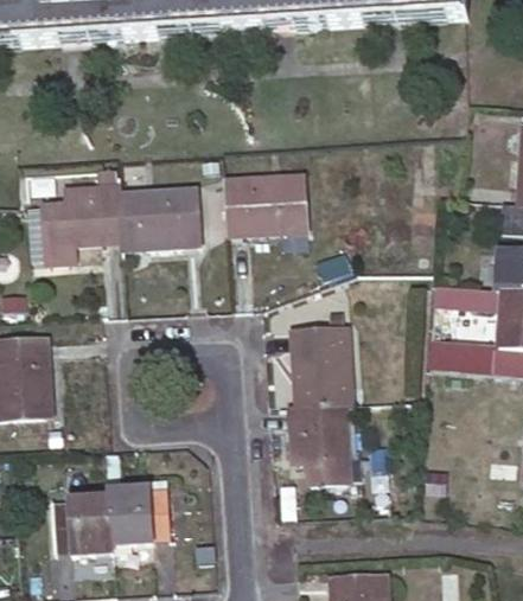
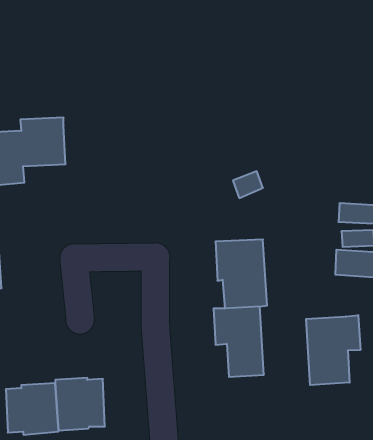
building: [224,174,307,230] -> none
building: [120,186,197,245] -> none
building: none -> [306,315,360,385]

